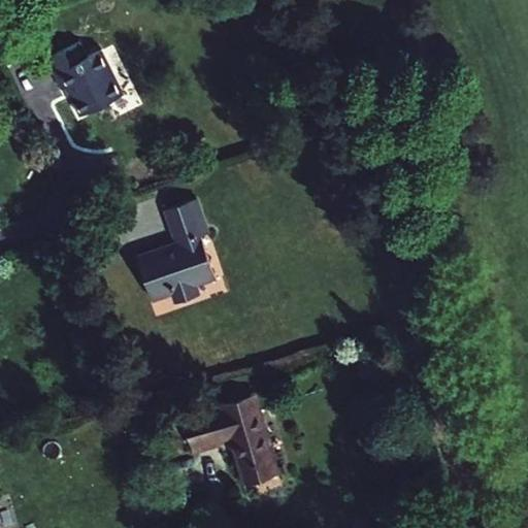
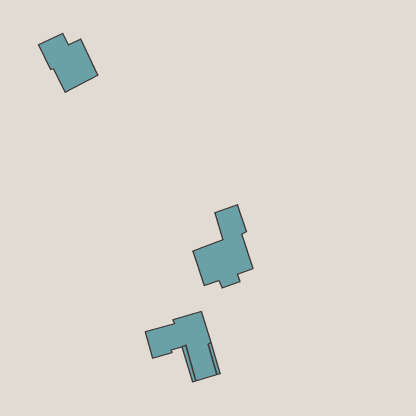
building: [139,200,216,305] -> [193,205,253,288]

